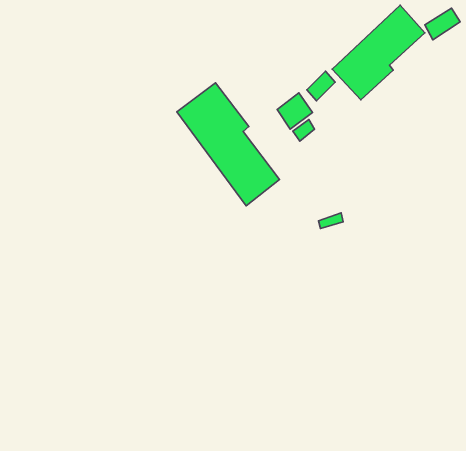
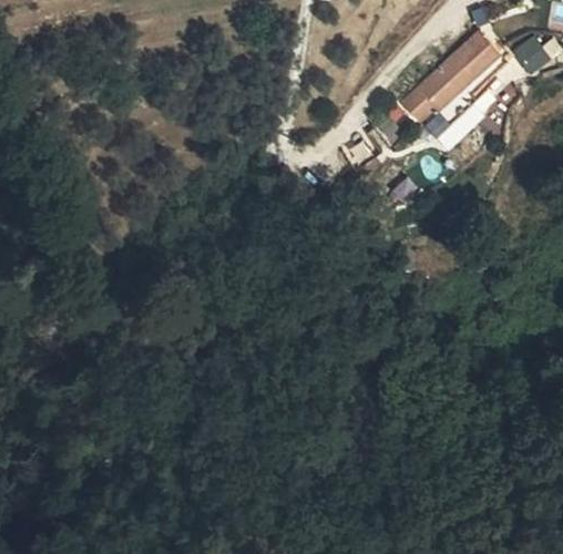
building: [177,83,280,206] -> none

